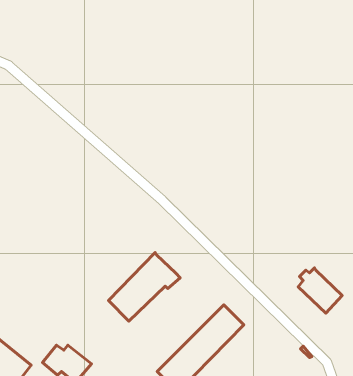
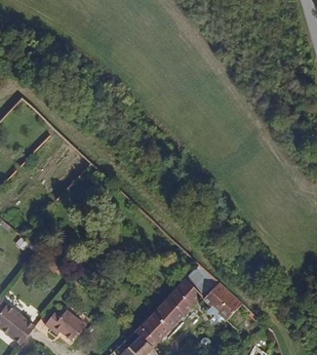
building: [108,253,180,321] -> none
building: [298,268,342,313] -> [210,280,246,317]

